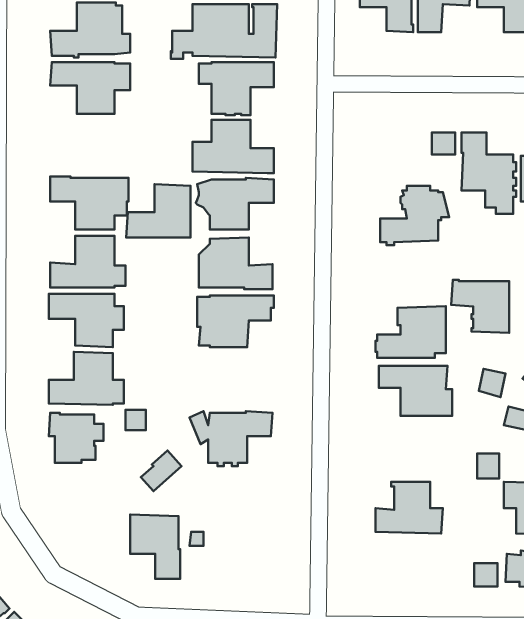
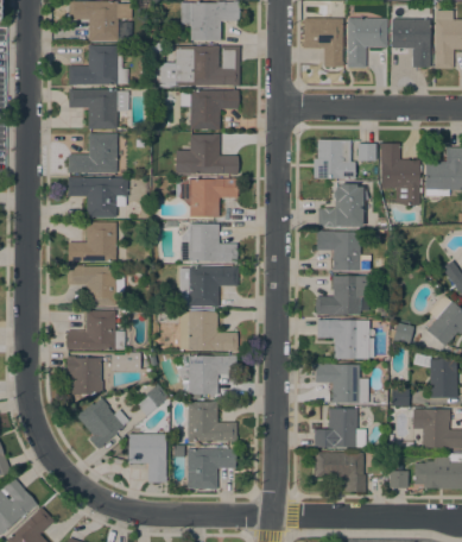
building: none -> [314,139,355,177]
building: [126,184,190,237] -> [68,132,116,172]
building: [451,280,509,333] -> [316,229,360,270]
building: none -> [179,311,238,349]
building: none -> [315,363,368,402]
building: none -> [77,397,128,448]
building: none -> [188,401,236,440]
building: none -> [186,448,235,489]
building: none -> [314,452,366,491]

